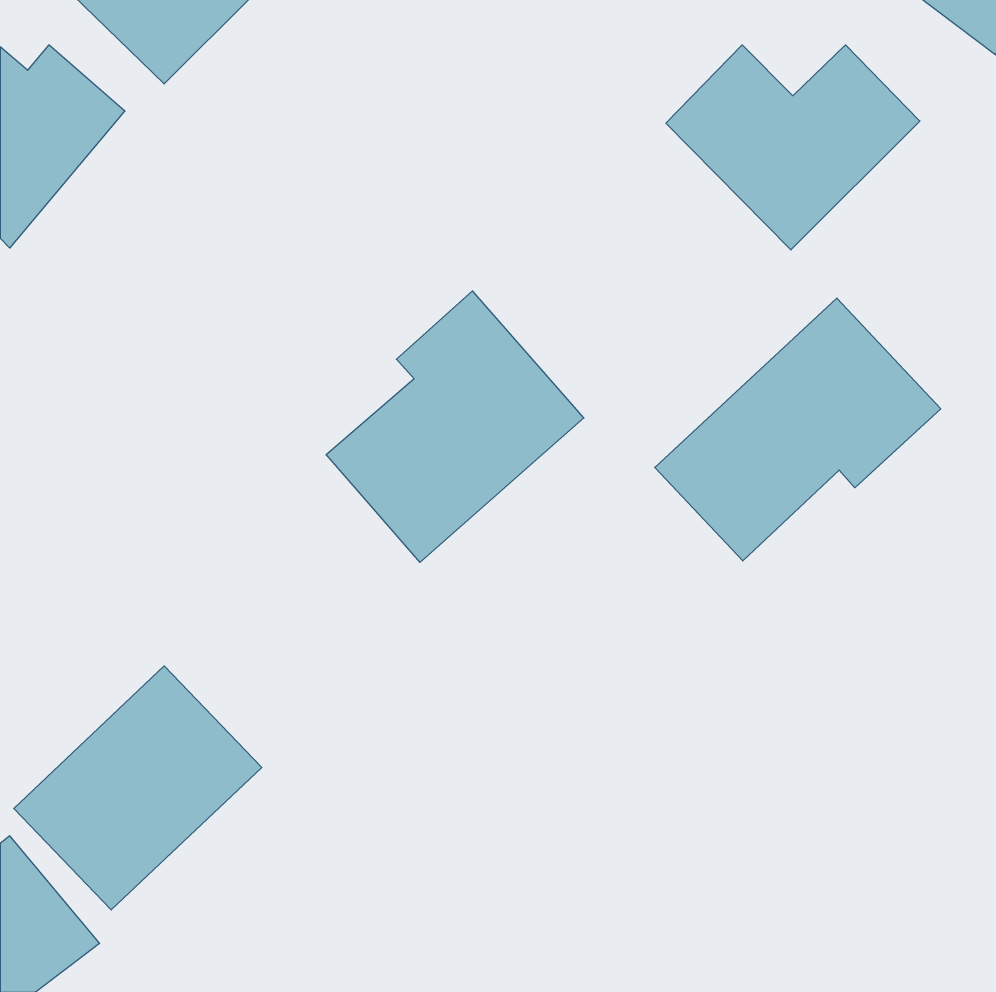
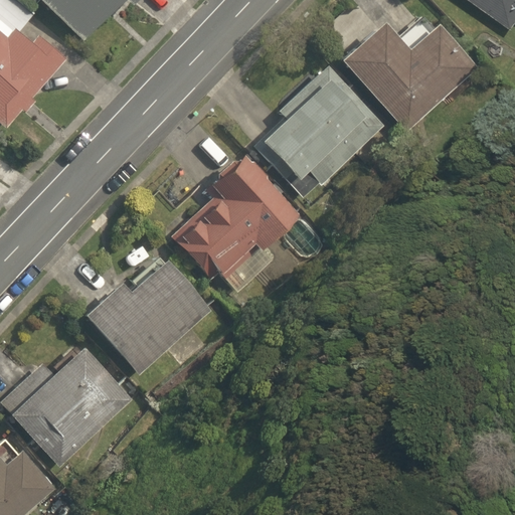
building: none -> [259,68,380,189]
building: [655,298,941,561] -> none
building: none -> [82,260,210,375]

